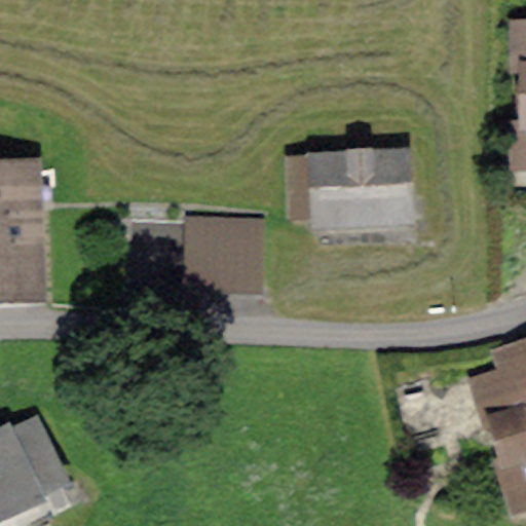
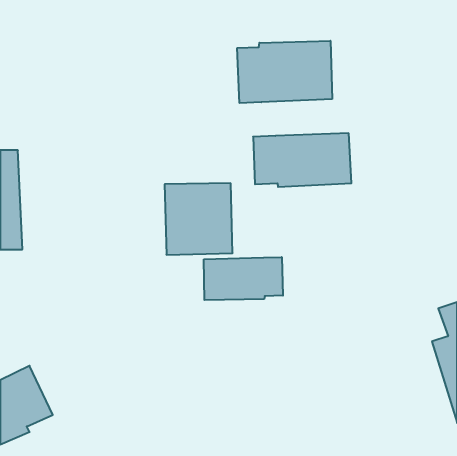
building: none -> [237,41,332,103]
building: none -> [204,257,283,300]

